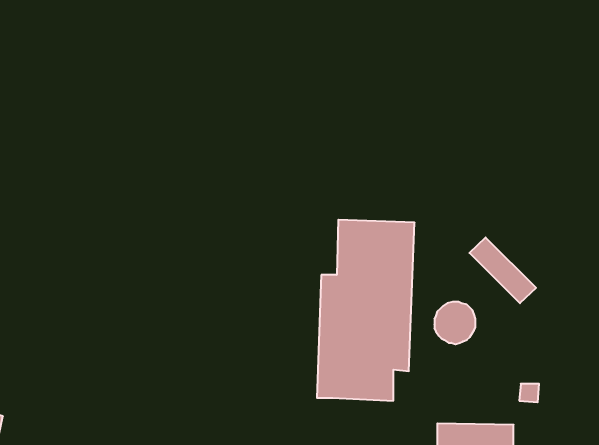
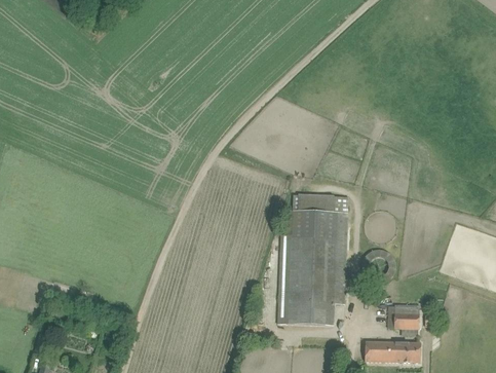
building: [469,237,536,303] -> none
building: none -> [387,303,420,328]

